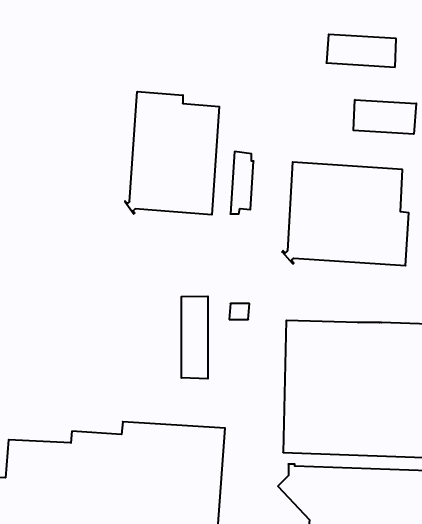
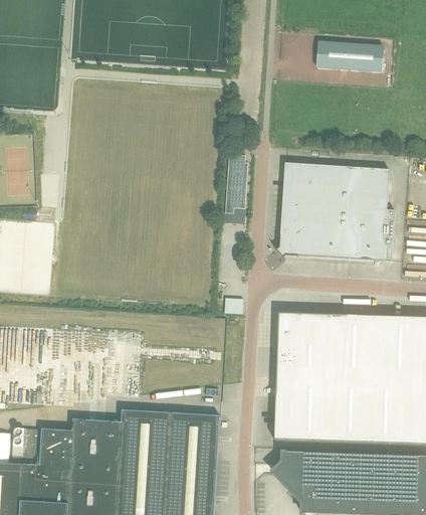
building: [125,92,219,215] -> none
building: [353,100,416,134] -> none
building: [181,296,208,379] -> none

